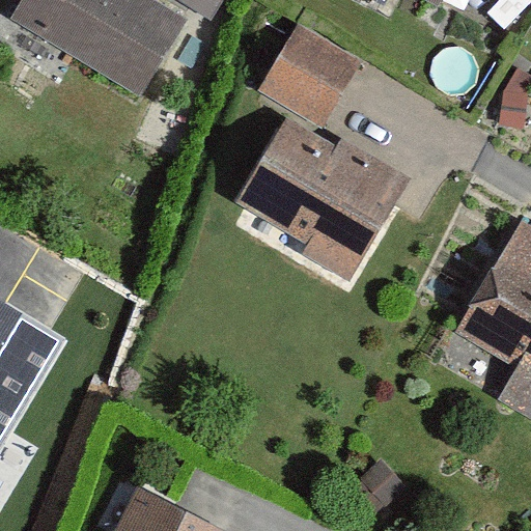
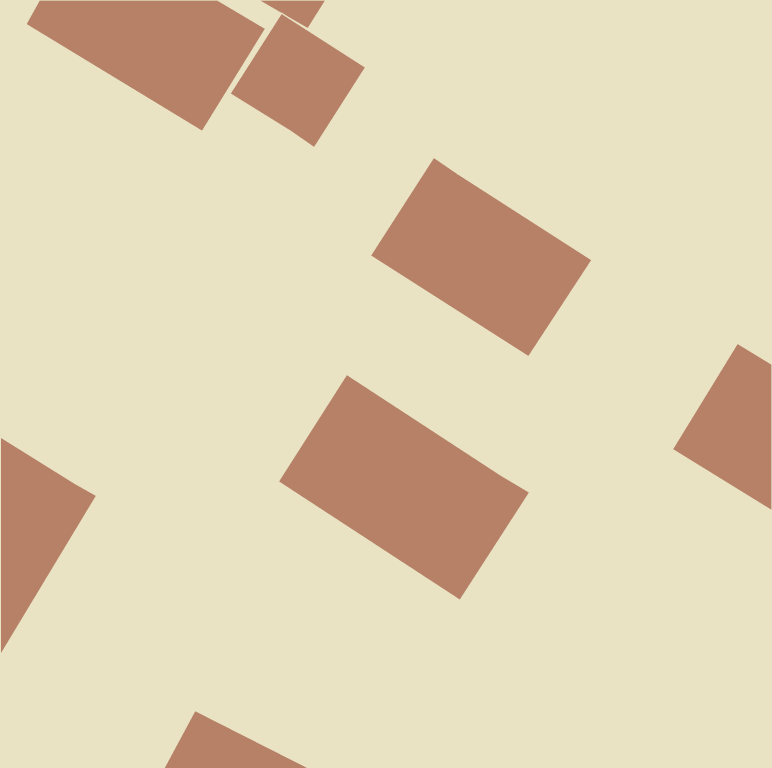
building: [256,30,350,122] -> [230,13,366,148]
building: none -> [278,374,530,601]

